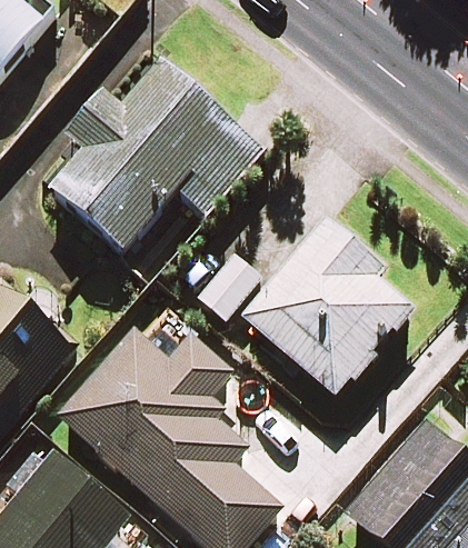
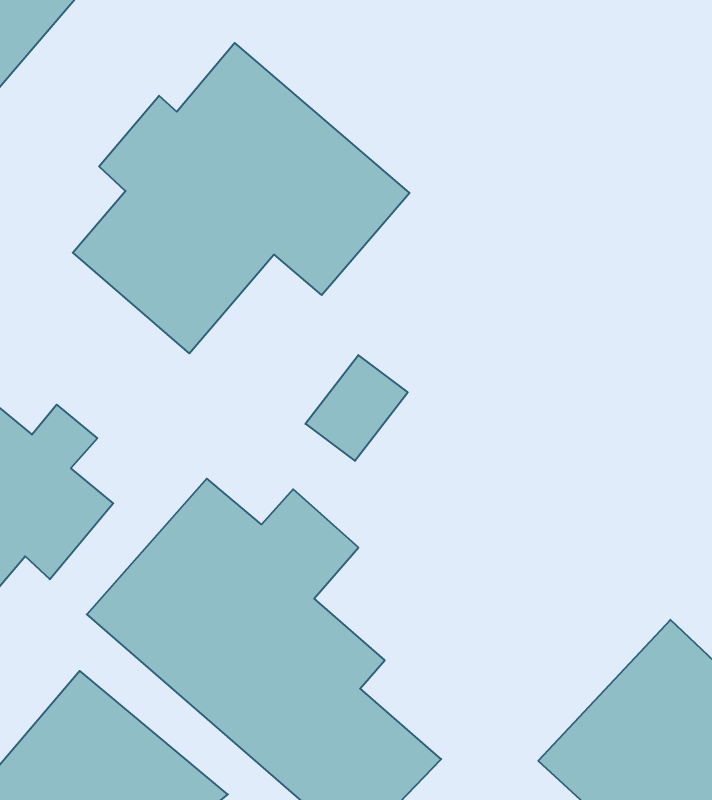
building: [243,221,411,397] -> none

